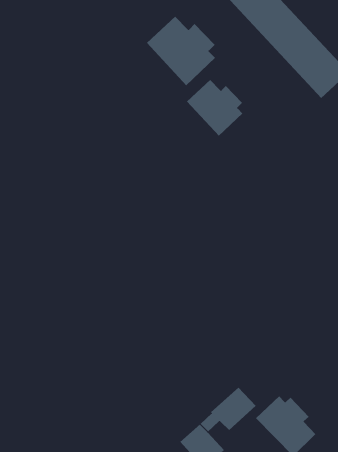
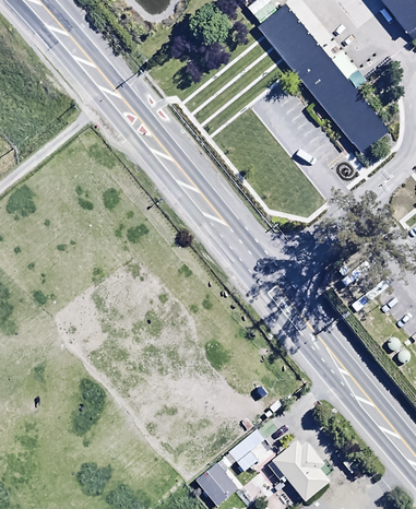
building: [146,16,216,86] -> none
building: [186,79,243,137] -> none

